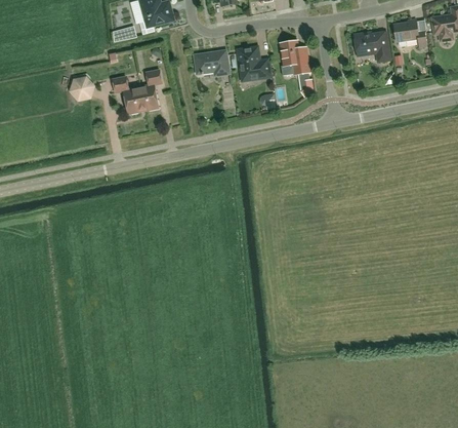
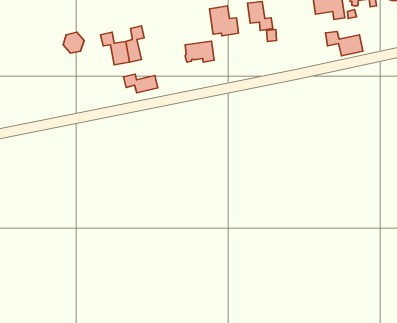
building: [195,51,227,75] -> [185,41,214,62]
building: none -> [326,31,363,56]
building: none -> [124,74,158,93]

